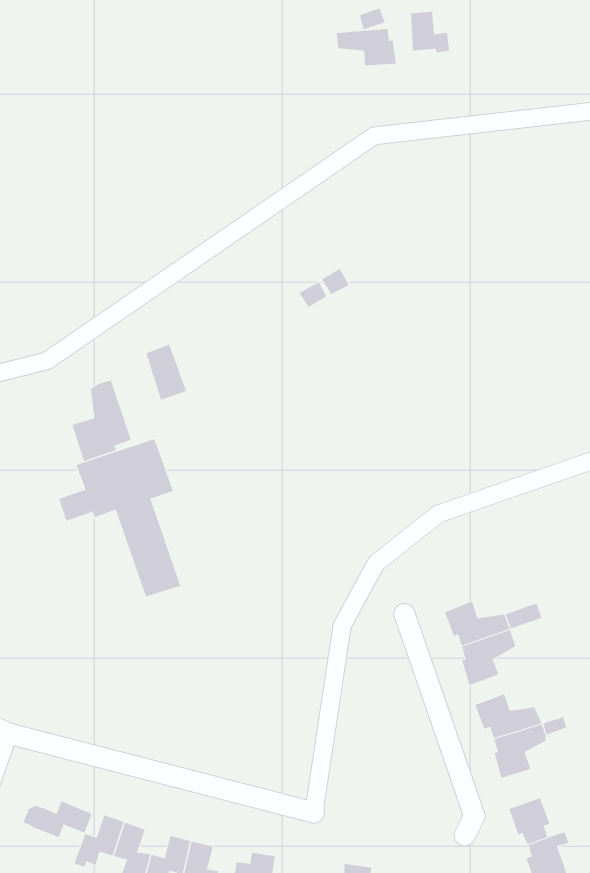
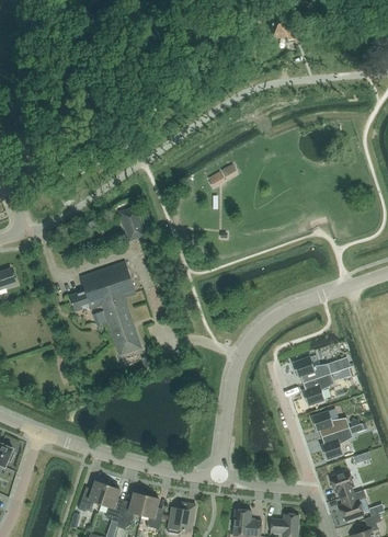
building: [336,28,397,66] -> none
building: [72,380,132,462] -> none
building: [23,800,92,838] -> none

